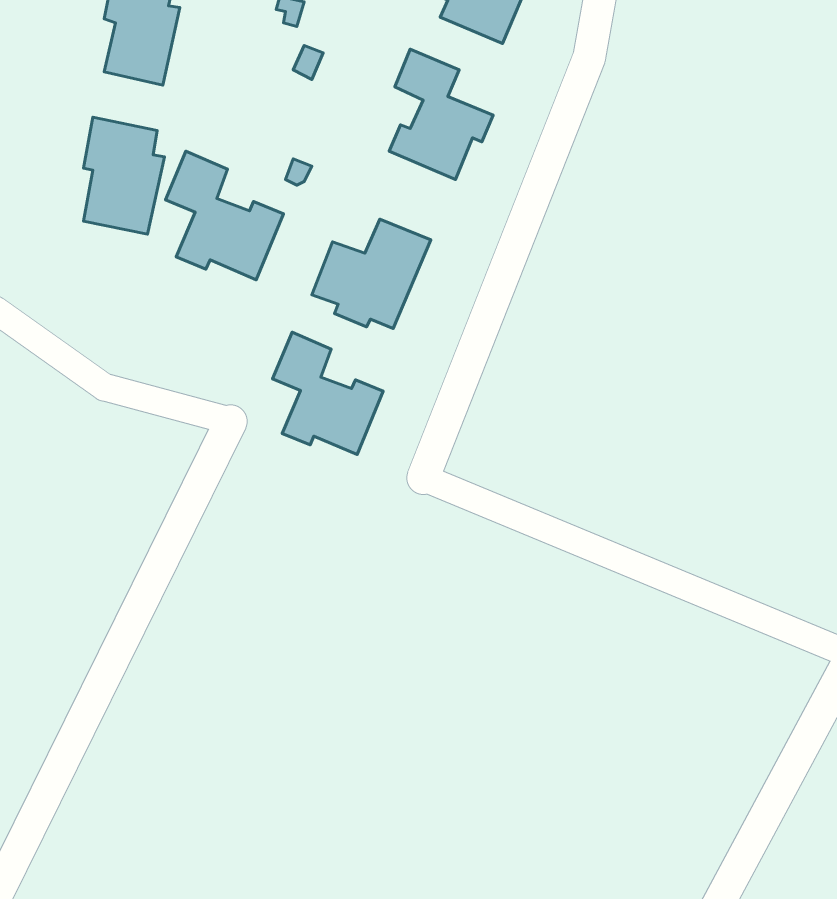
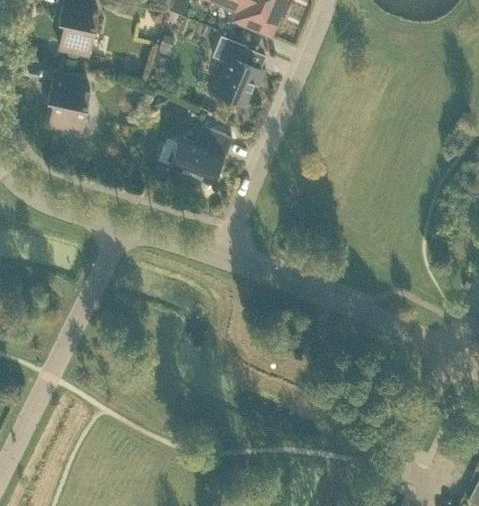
building: [166,151,283,280] -> none
building: [273,332,383,455] -> none

